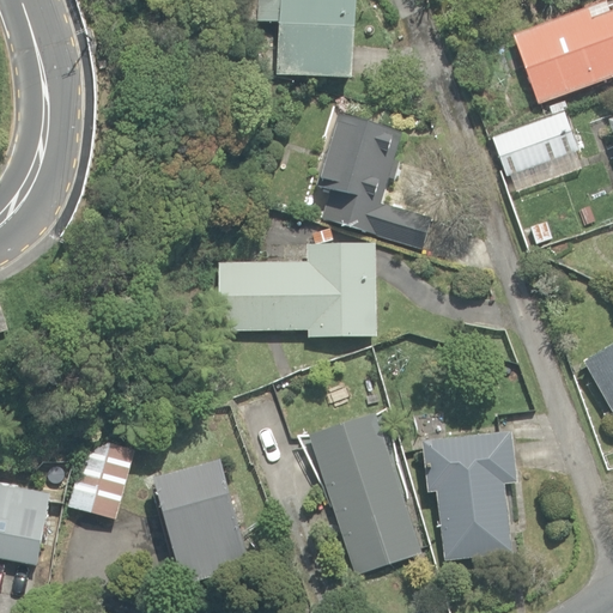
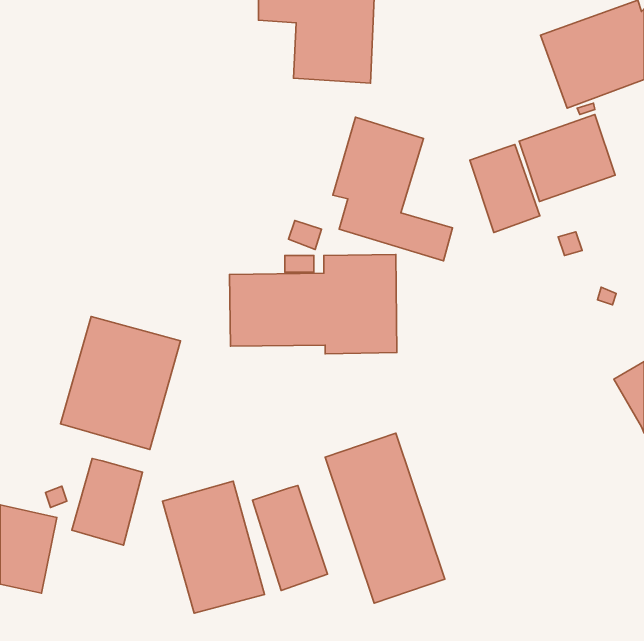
building: none -> [470,145,540,233]
building: none -> [60,316,180,450]
building: [423,431,517,559] -> none
building: none -> [252,485,328,591]

